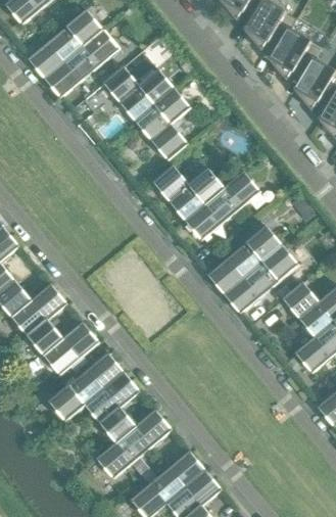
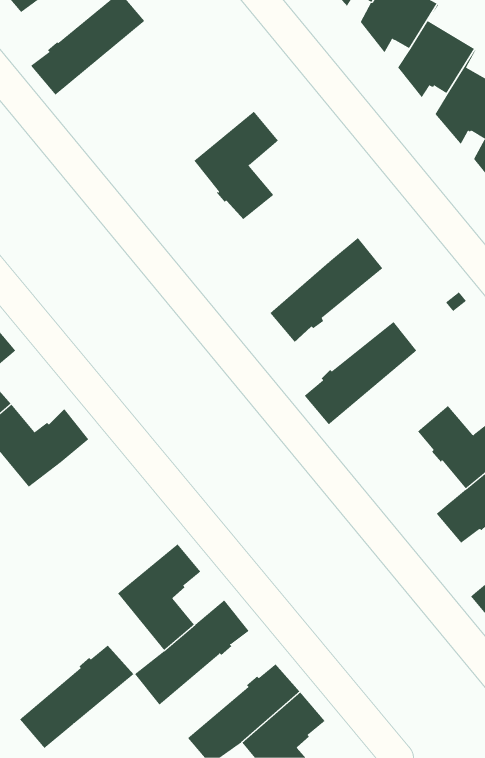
building: [44,29,118,97] -> none
building: [103,65,175,121] -> none
building: [152,165,224,221] -> none
building: [224,245,298,313] -> none
building: [27,319,99,374] -> none
building: [49,353,125,421] -> [19,645,134,749]

